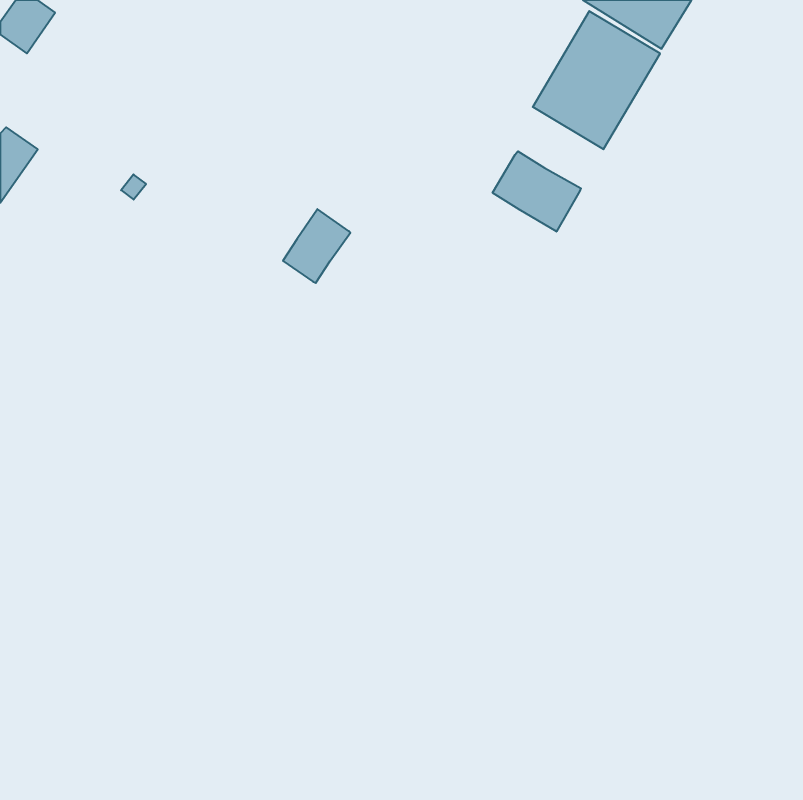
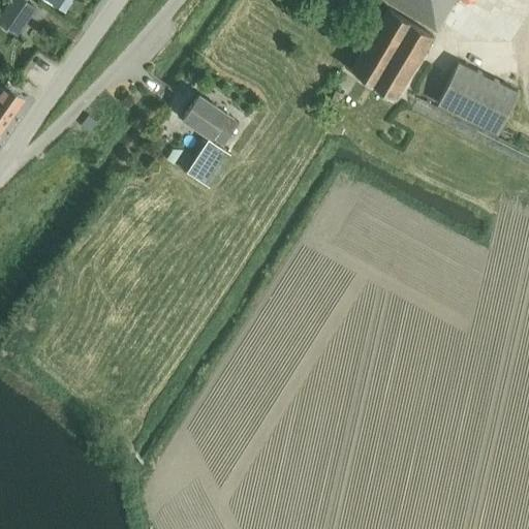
building: none -> [437,64,518,135]
building: none -> [183,95,240,146]
building: [493,151,581,232] -> none

